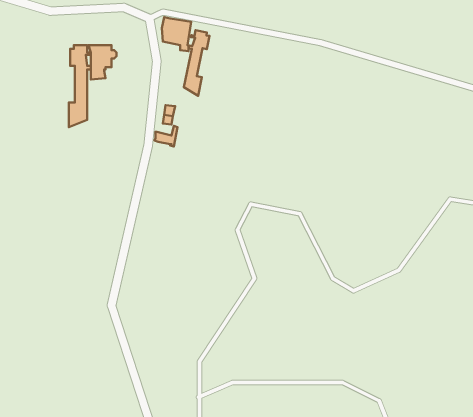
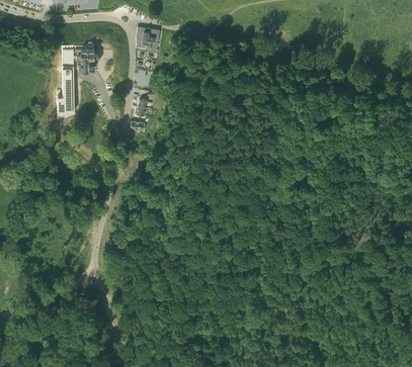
building: [184,30,209,96] -> none

